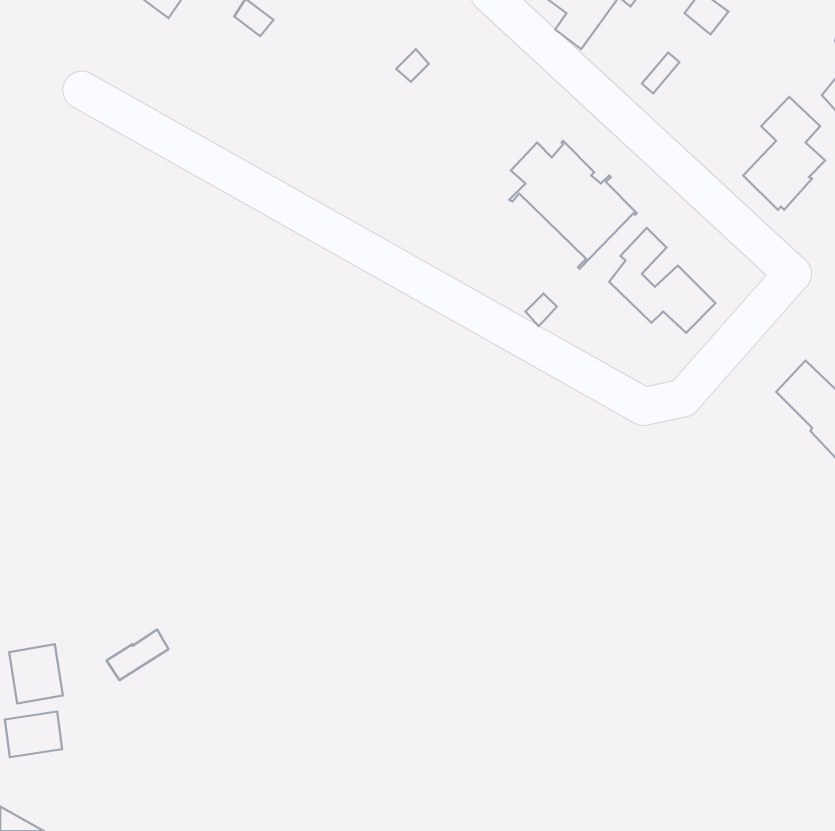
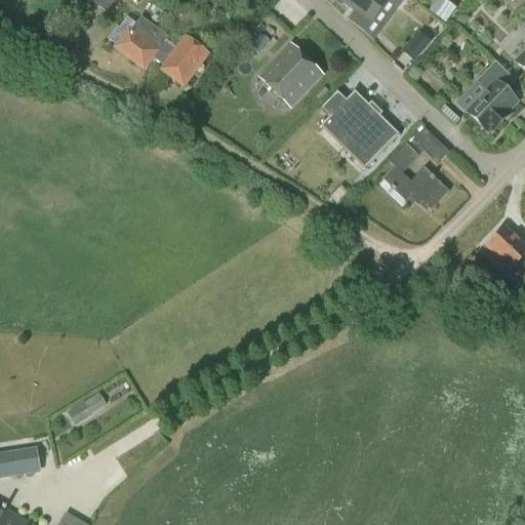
building: none -> [114,15,208,85]
building: none -> [260,44,322,105]
building: none -> [408,128,448,163]
building: [9,644,63,704] -> none

